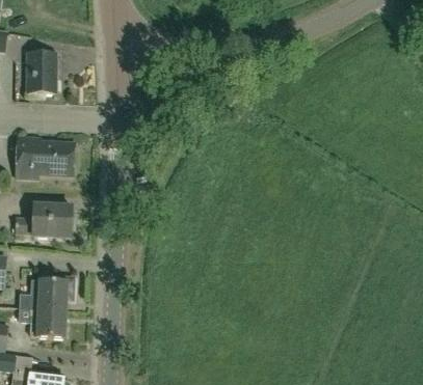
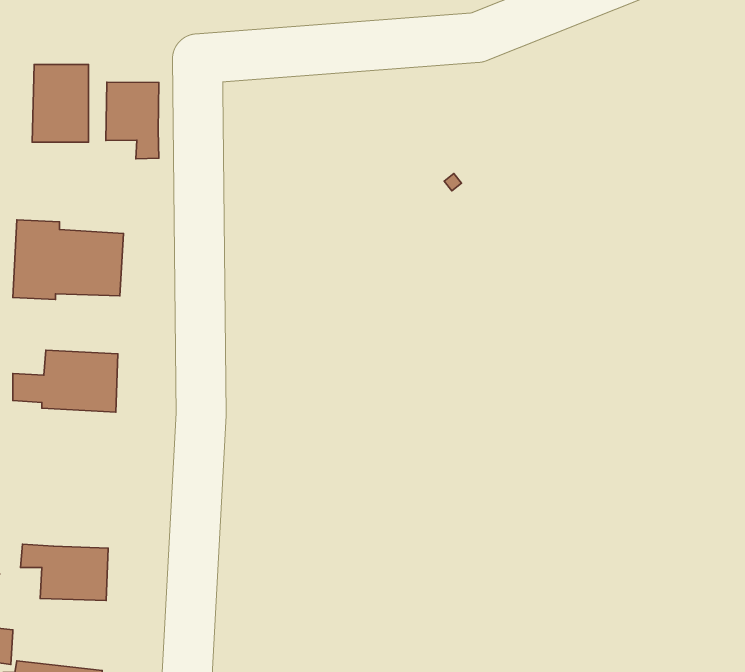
building: none -> [106,82,159,159]
building: [21,276,73,310] -> none

